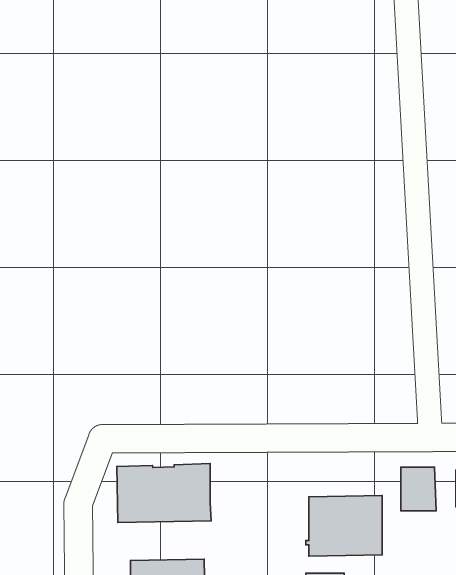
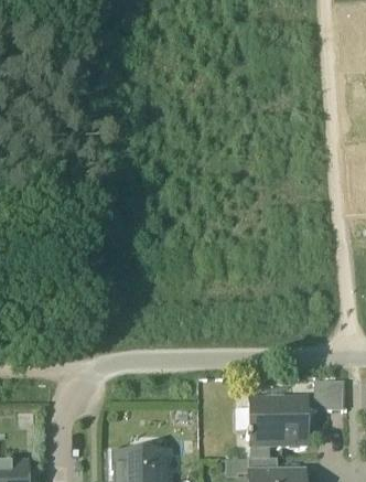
building: [117,464,211,523] -> none

